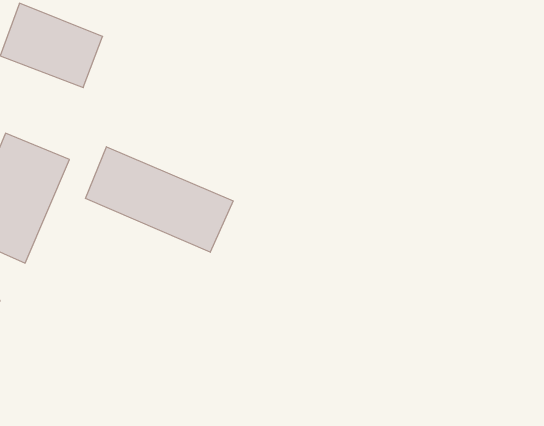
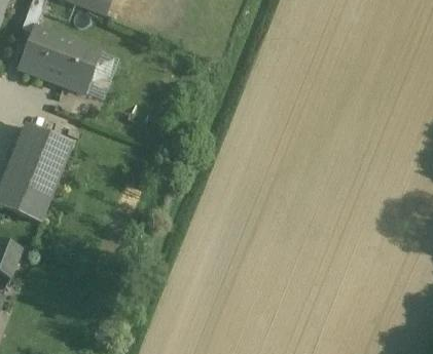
building: [86,147,233,252] -> none

